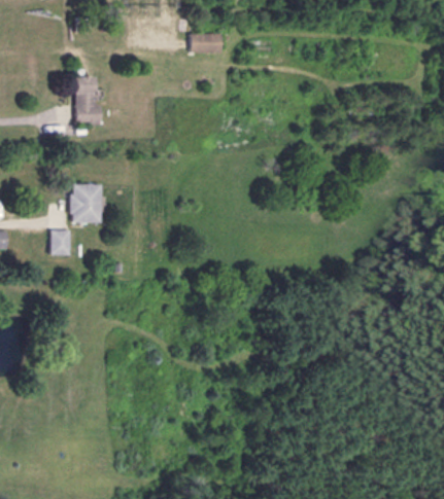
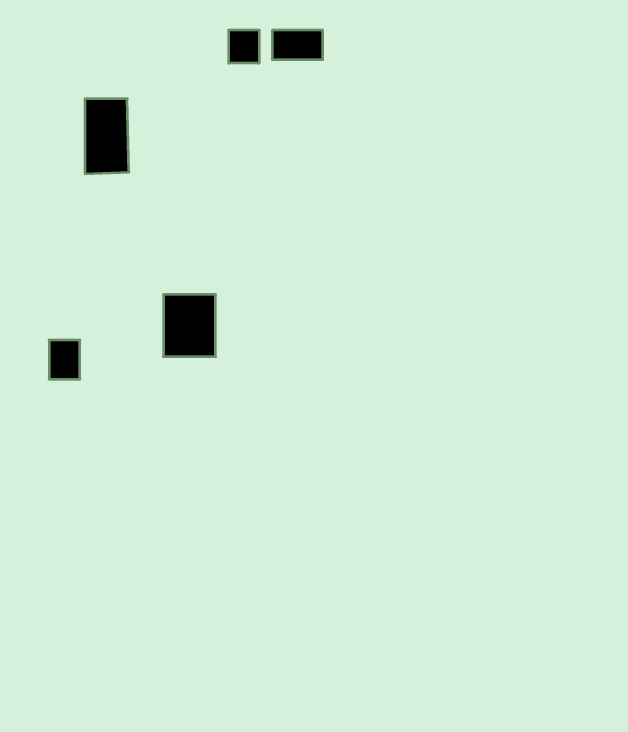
building: none -> [229,30,259,63]
building: [70,183,103,222] -> [163,295,216,357]

